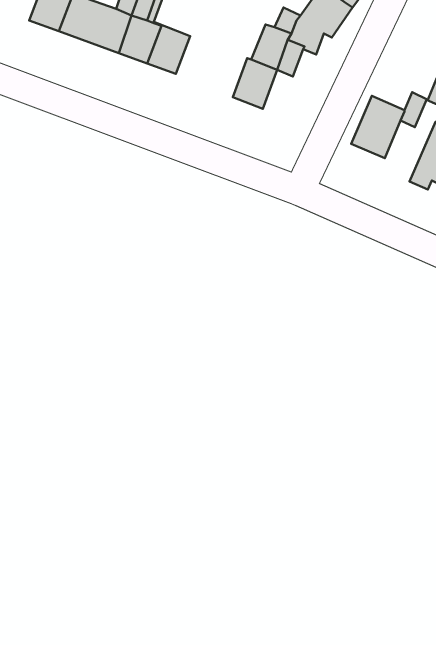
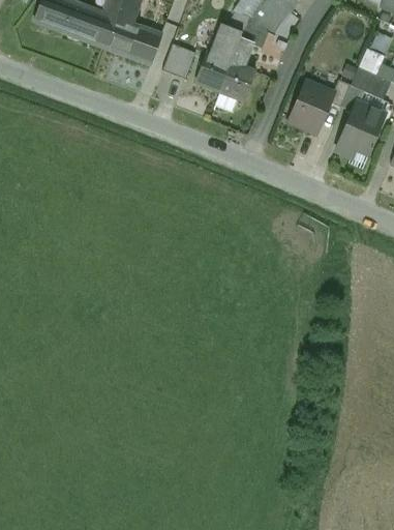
building: none -> [161,43,194,79]
building: none -> [219,61,254,100]

